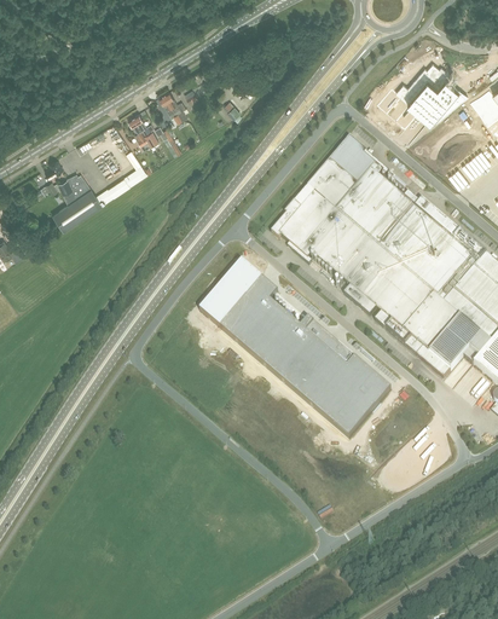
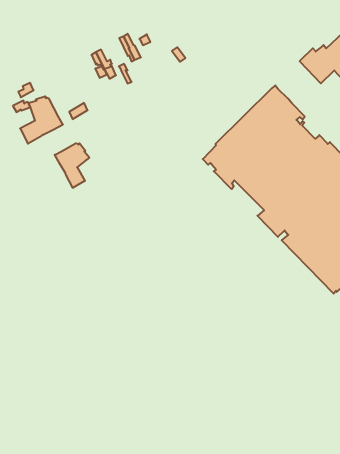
building: none -> [55,143,89,188]
building: [201,259,393,436] -> none

